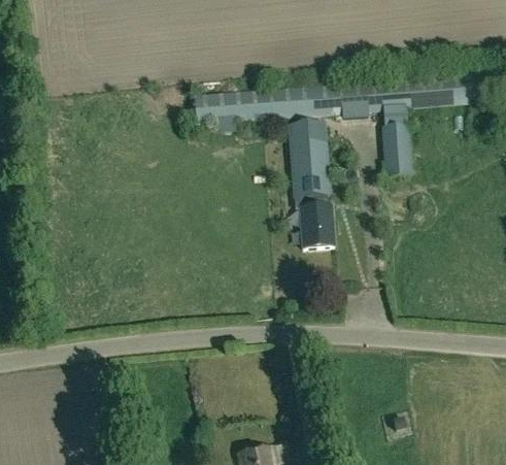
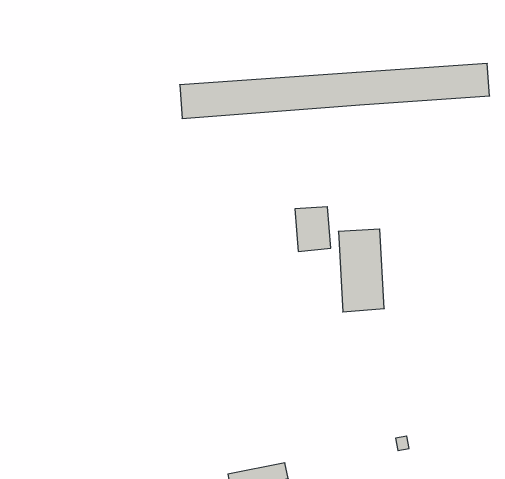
building: [289,121,331,197] -> [338,229,384,312]
building: [380,124,413,175] -> none

